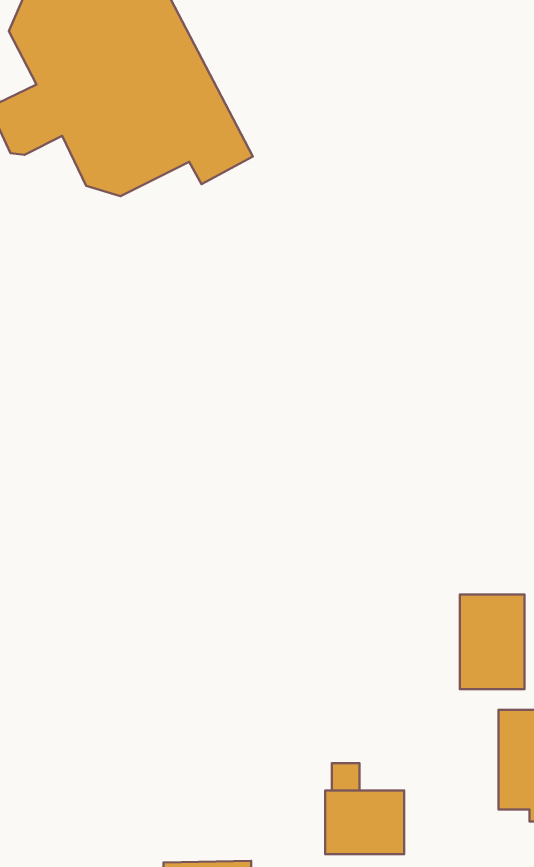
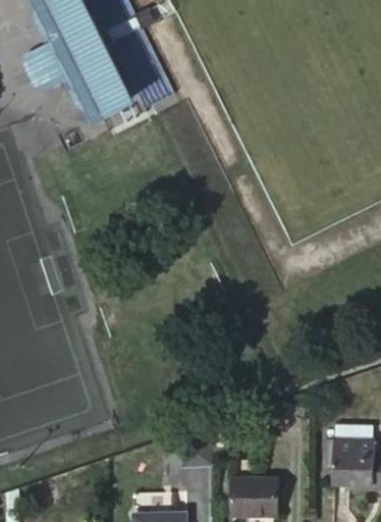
building: [460,595,524,689] -> none

